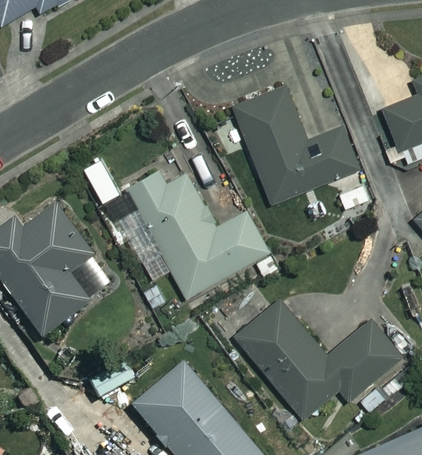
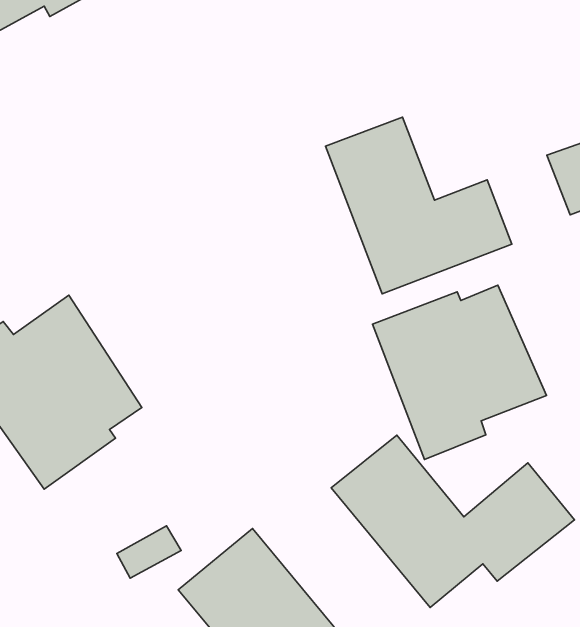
building: [127,161,268,297] -> none
building: none -> [373,285,547,459]

